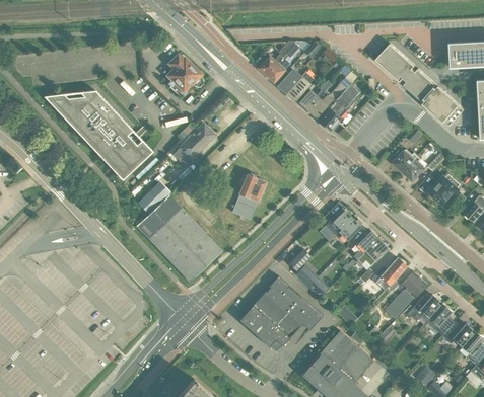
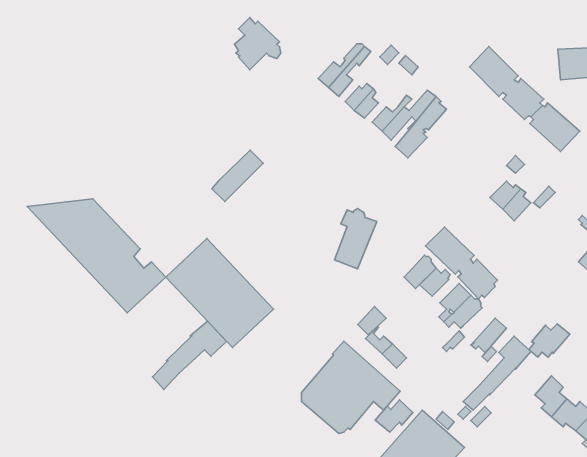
building: [166,55,203,96] -> [235,17,281,70]
building: [44,90,153,180] -> [27,199,166,313]
building: [232,172,266,220] -> [334,209,377,269]
building: [429,175,460,206] -> none
building: [137,180,170,214] -> none
building: none -> [426,227,497,299]
building: none -> [153,321,227,389]
building: [410,295,442,321] -> [529,324,570,357]
building: none -> [375,400,413,432]

